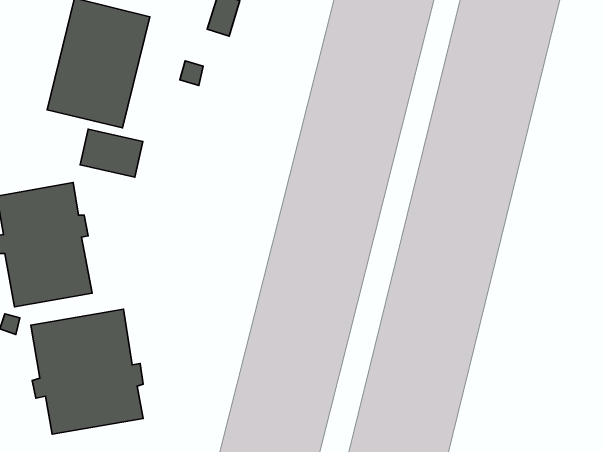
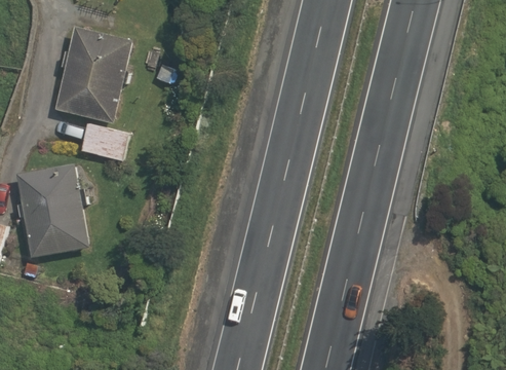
building: [31,309,143,434] -> none

